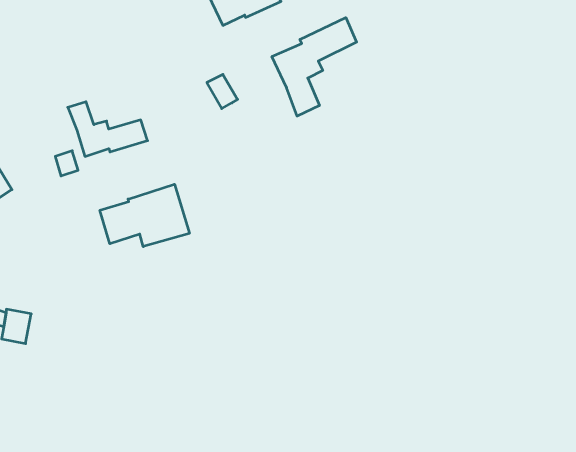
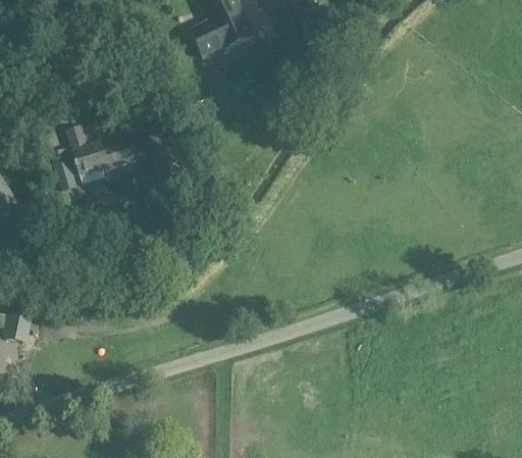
building: [272,18,357,116] -> none
building: [100,184,189,247] -> none

